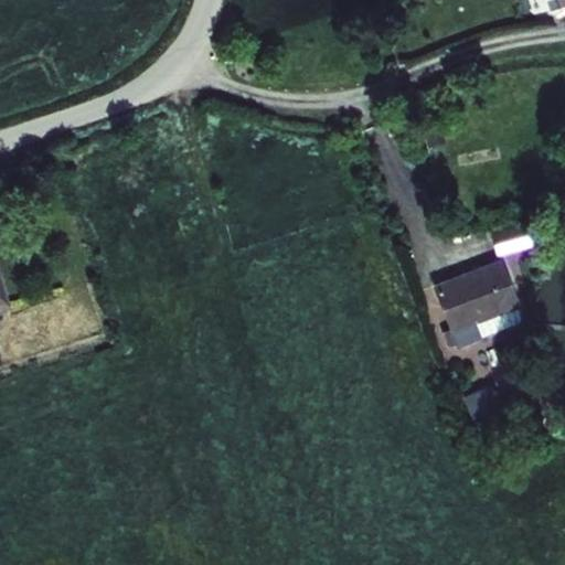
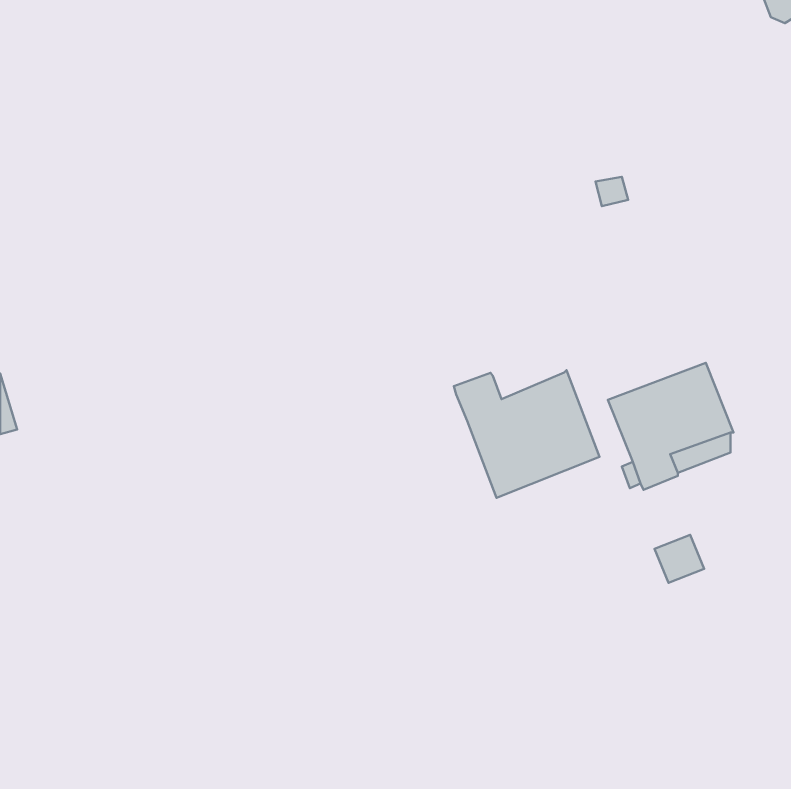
building: none -> [454,370,600,498]

